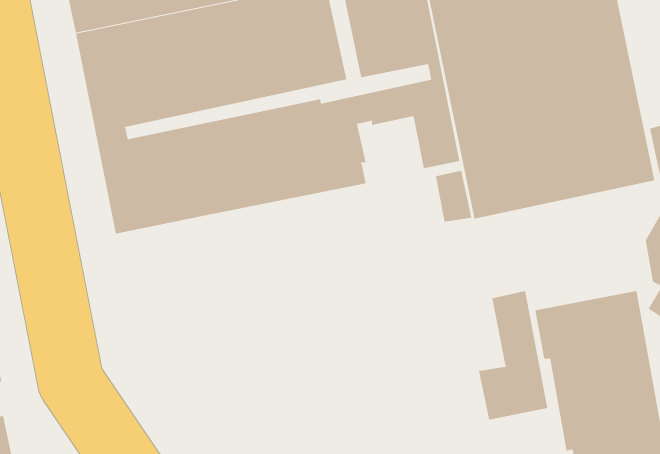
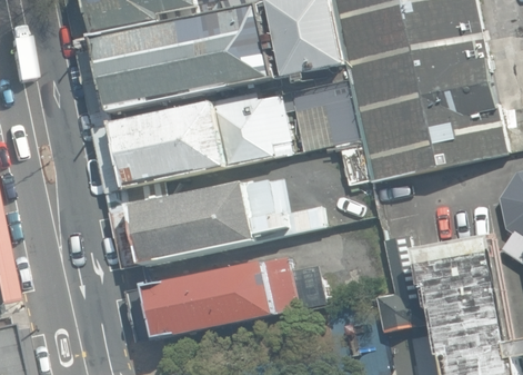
building: none -> [108,174,329,270]
building: none -> [131,255,330,341]

